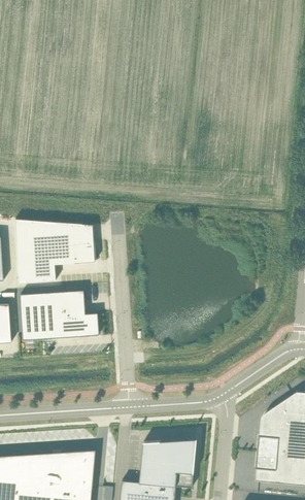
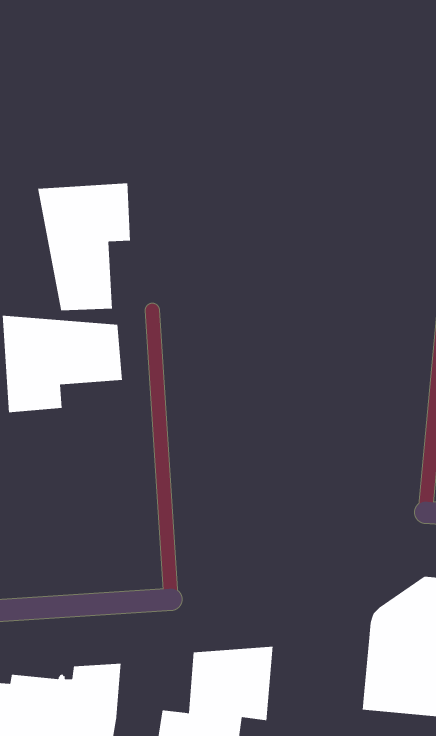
building: none -> [38,183,130,311]
building: [20,291,98,340] -> none

